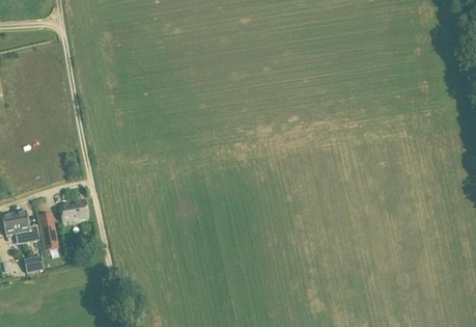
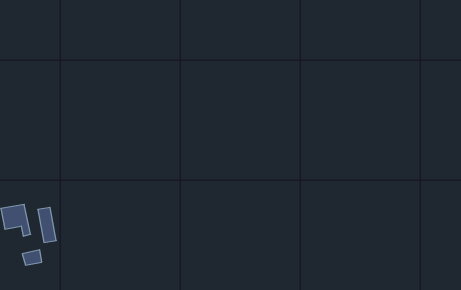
building: [59,199,89,224] -> none

